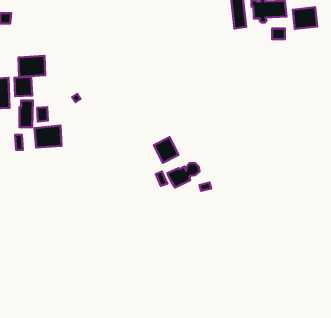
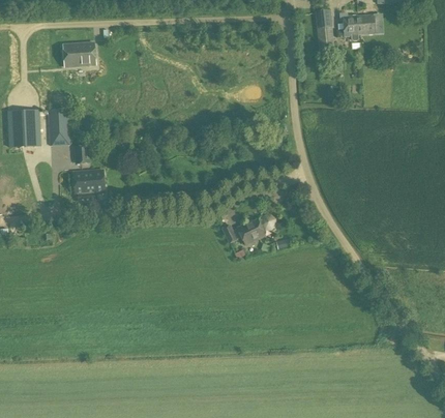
building: [293,7,317,29] -> none
building: [18,56,45,77] -> [62,41,95,67]
building: [154,137,178,163] -> none

